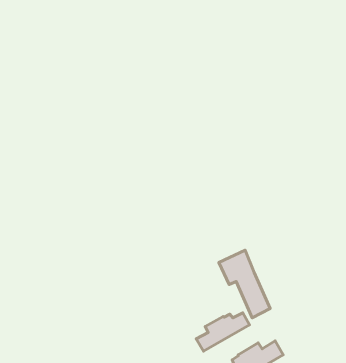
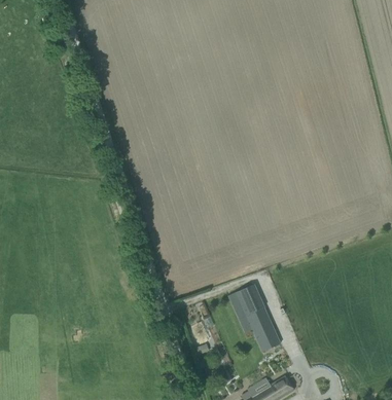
building: [196,313,249,351] -> none

